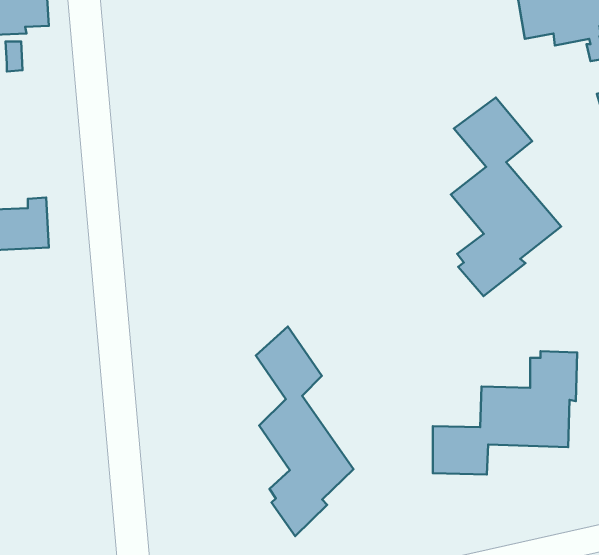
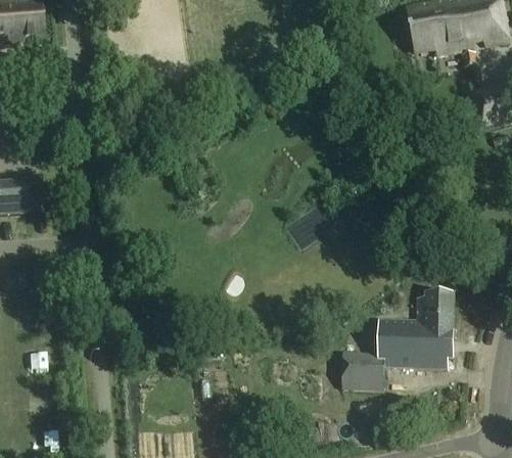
building: [451,97,561,296] -> none
building: [256,326,353,536] -> none

